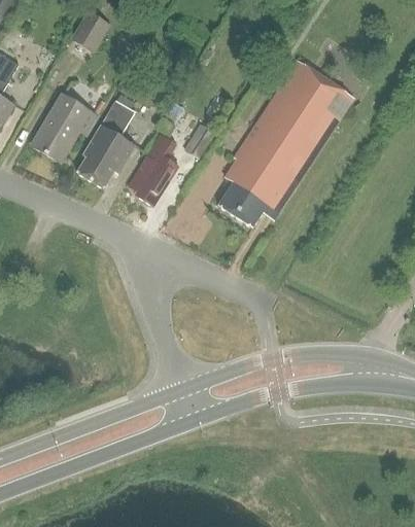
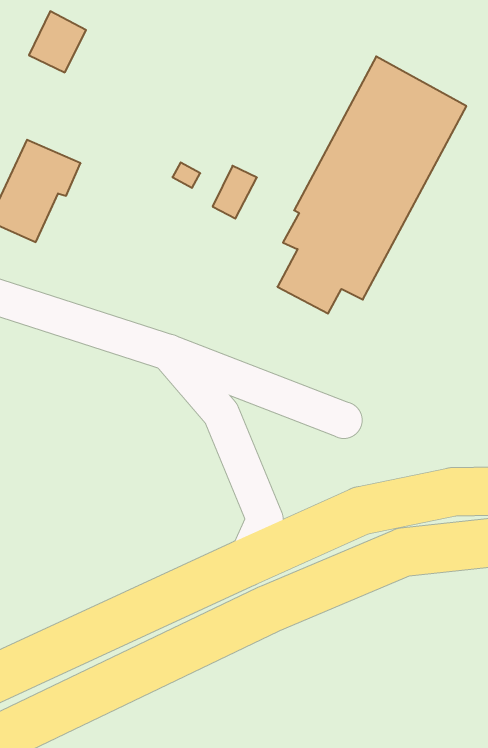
building: [77,93,135,186] -> none
building: [128,132,178,206] -> none

